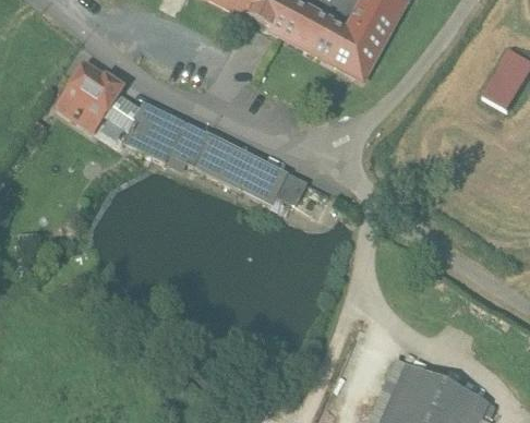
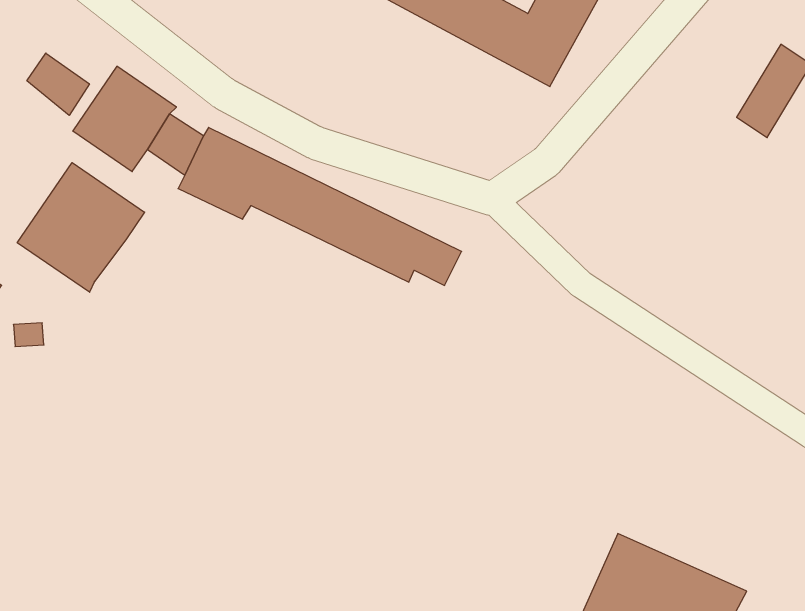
building: none -> [27,53,89,115]
building: none -> [17,163,145,292]

